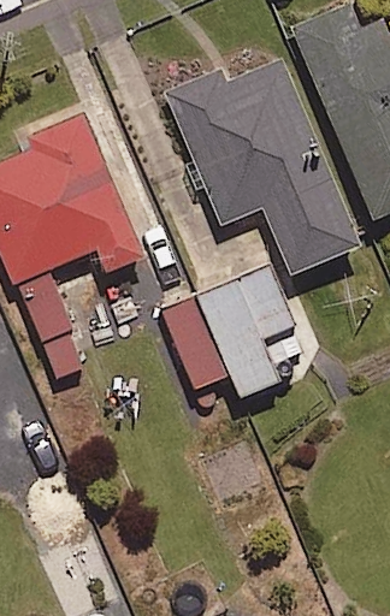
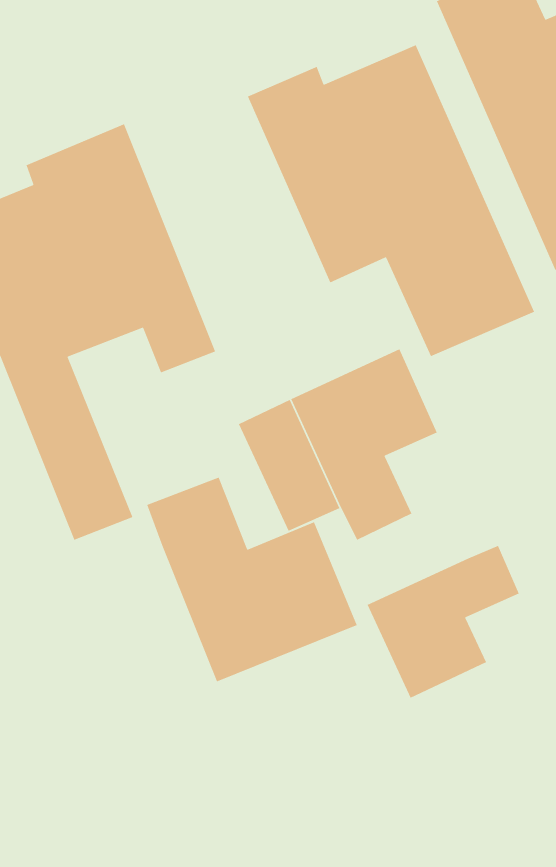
building: none -> [146,476,358,683]
building: none -> [367,545,520,699]

